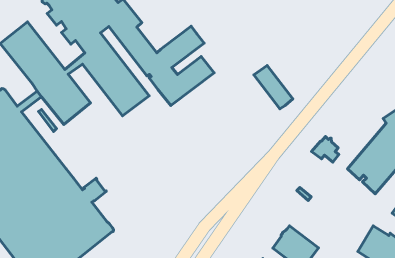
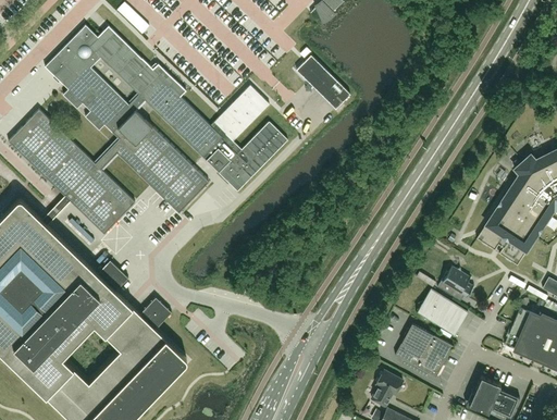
building: [254,66,293,109] -> [296,55,350,109]
building: [311,137,339,162] -> [437,265,473,297]
building: none -> [416,291,468,336]

